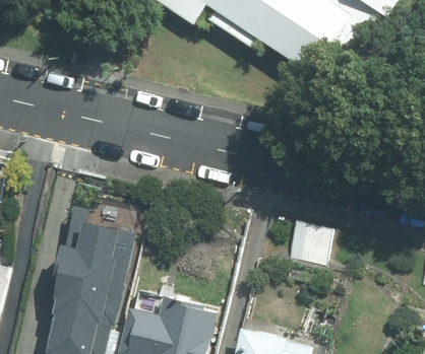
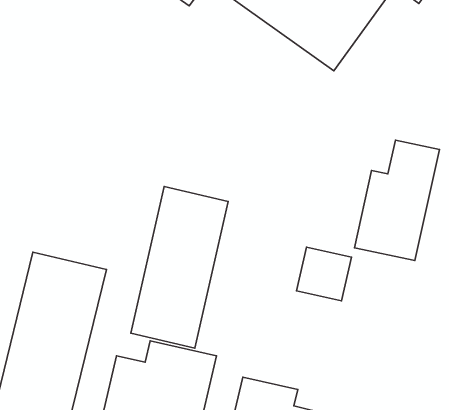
building: none -> [354,140,440,260]
building: none -> [131,187,228,348]

